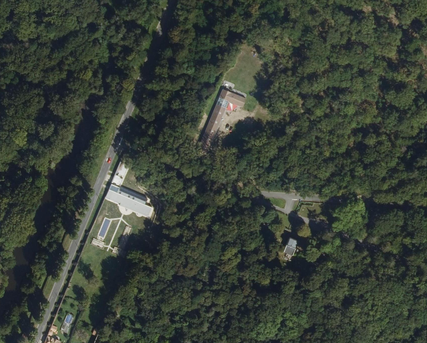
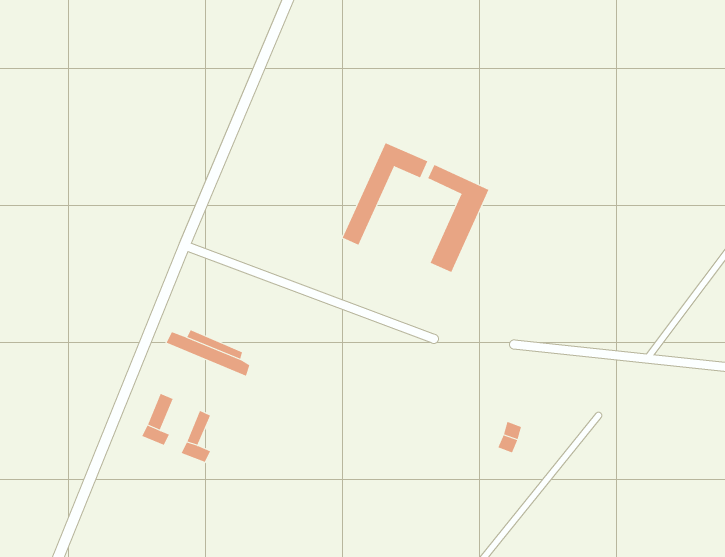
building: none -> [428,164,489,273]

